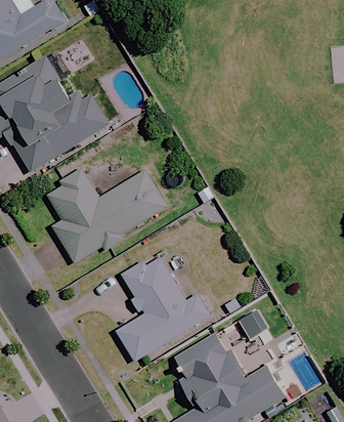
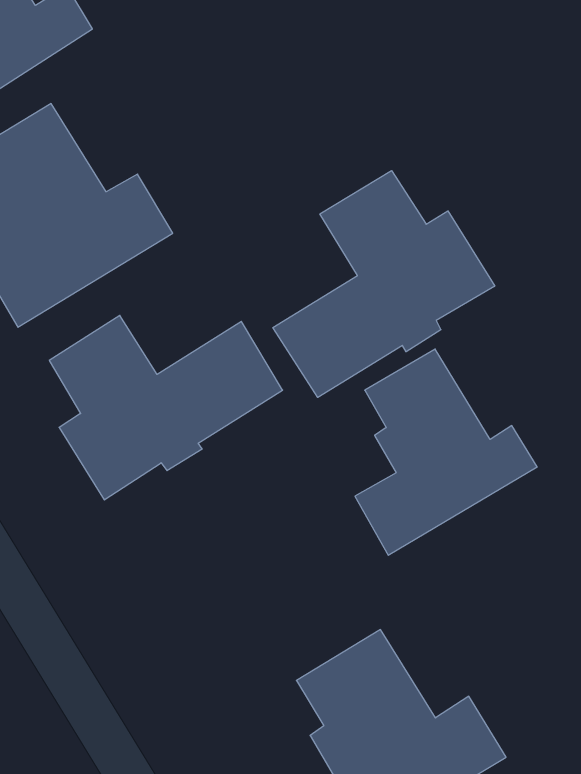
building: none -> [273,171,495,397]
building: [115,254,210,362] -> [355,349,537,555]

